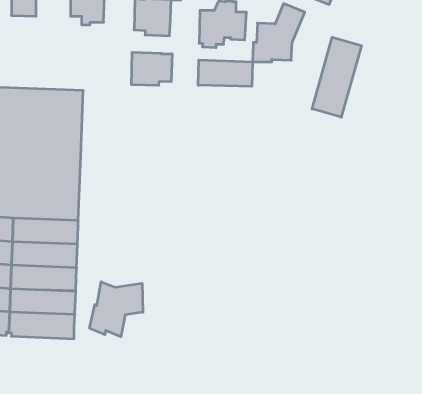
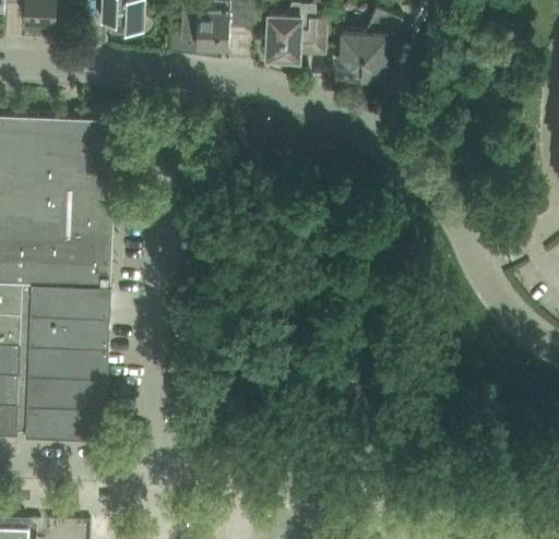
building: [312,37,361,117] -> none
building: [132,52,172,85] -> none
building: [198,60,252,86] -> none
building: [90,282,143,337] -> none

